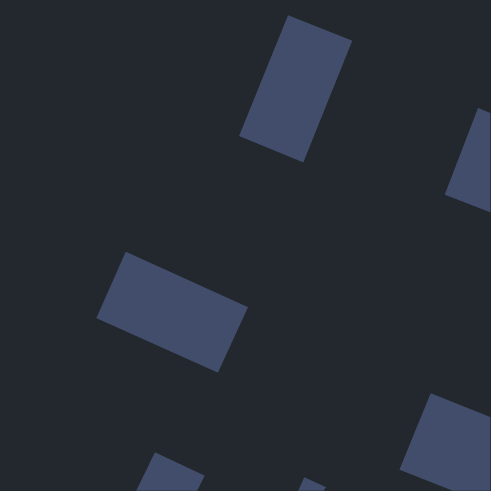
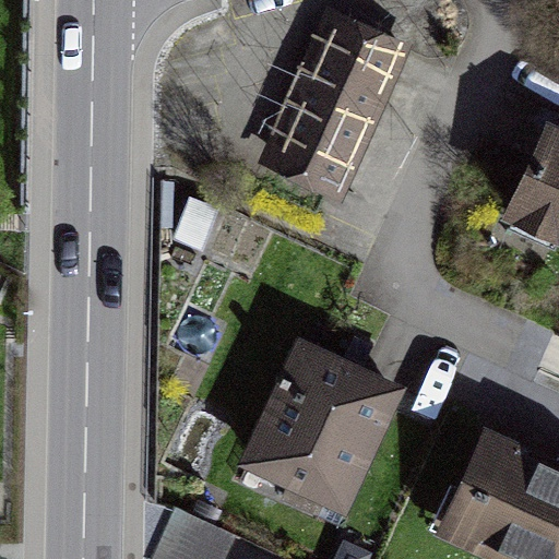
building: [95,251,249,374] -> none
building: none -> [242,348,391,508]

